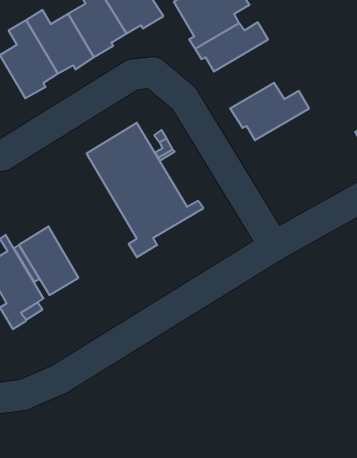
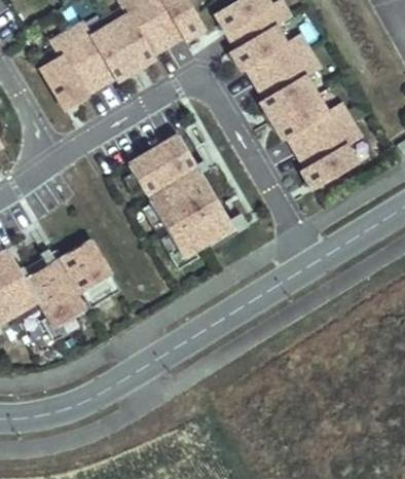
building: none -> [254,50,319,119]
building: none -> [295,119,360,189]

